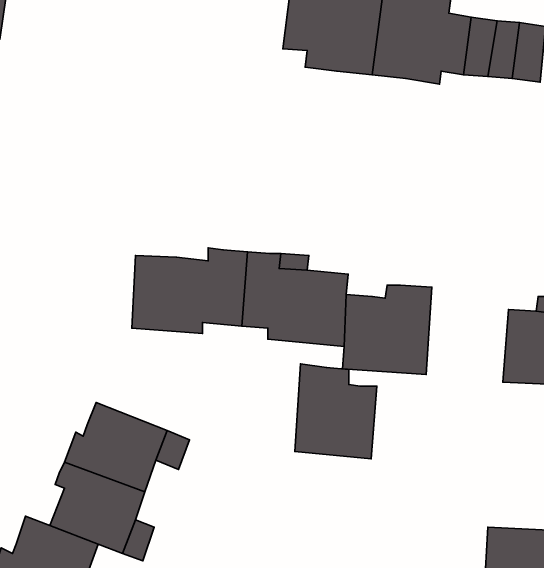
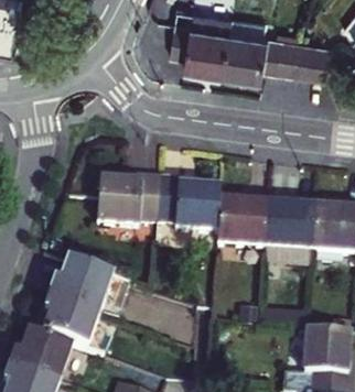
building: [295,364,377,459] -> [266,195,314,251]

